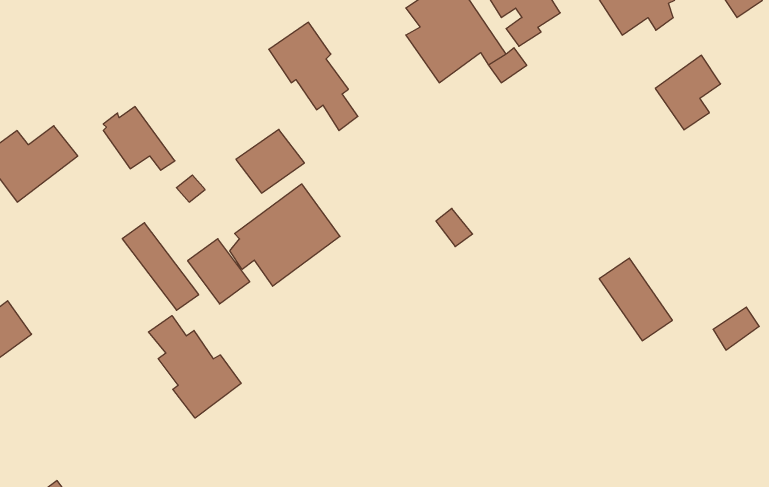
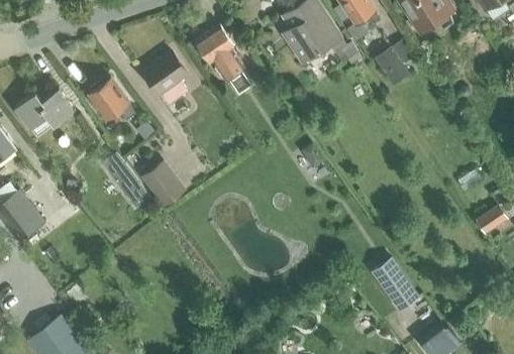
building: [655,55,721,130] -> [374,36,415,84]
building: [236,129,304,193] -> [142,51,186,92]
building: [230,184,340,286] -> none
building: [599,258,672,341] -> [371,257,417,310]
building: [148,316,241,418] -> none

